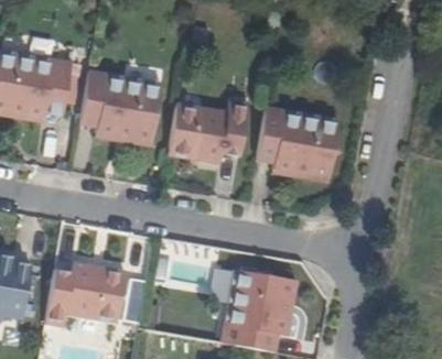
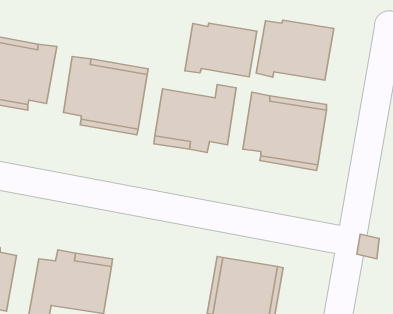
building: none -> [256,20,334,80]
building: none -> [185,23,257,77]

